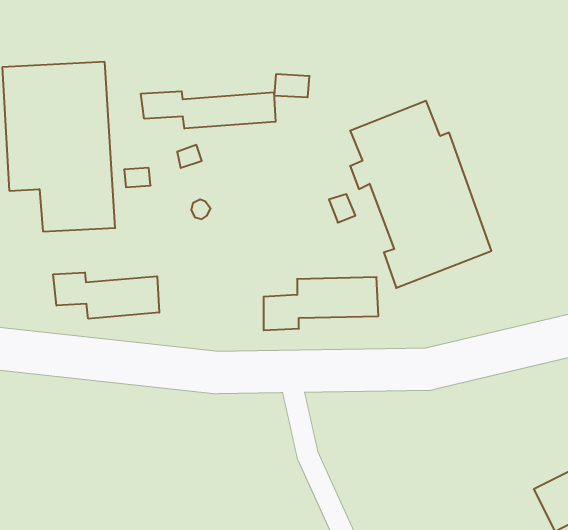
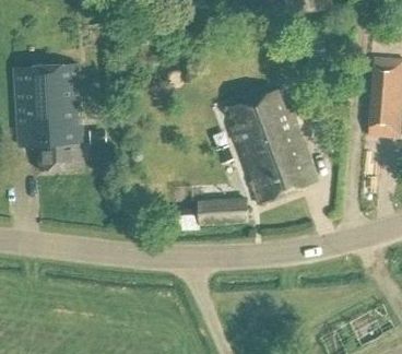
building: [141,91,276,129] -> none
building: [53,272,159,319] -> none

